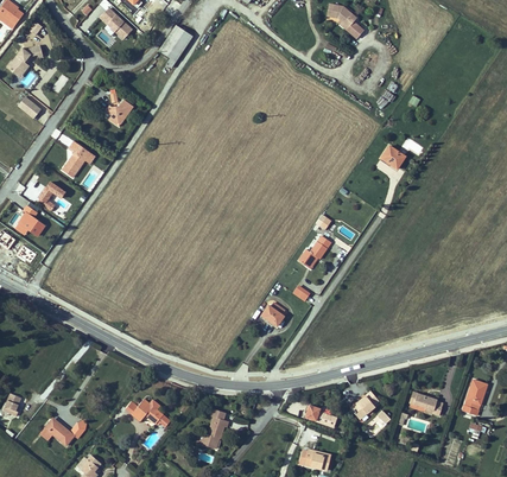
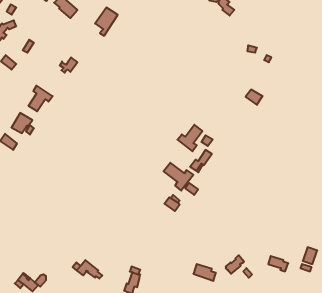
building: none -> [177,125,202,151]
building: none -> [164,163,193,191]

